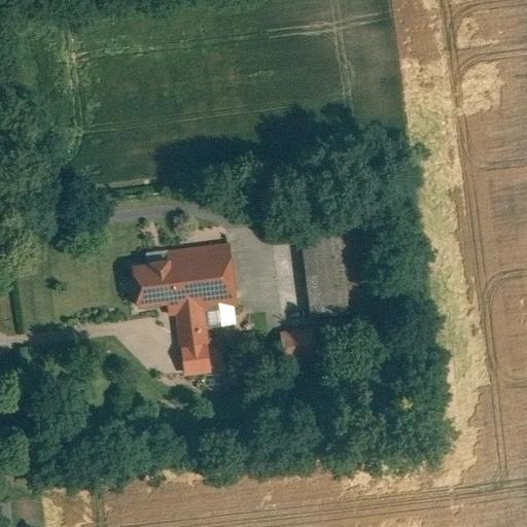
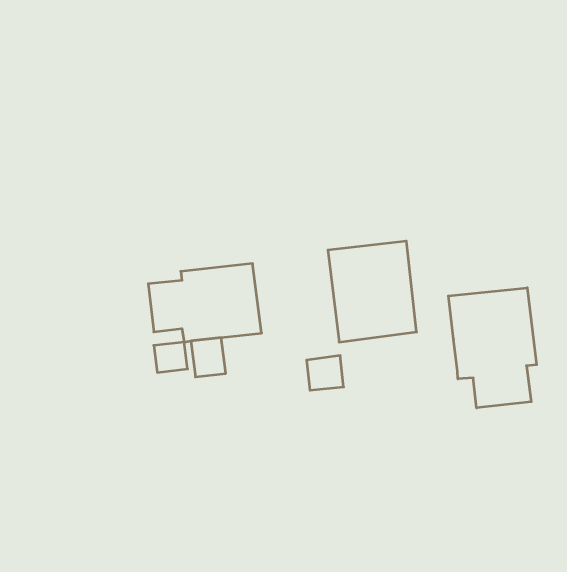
building: none -> [448,288,537,408]
building: [179,344,210,372] -> [154,342,188,372]

